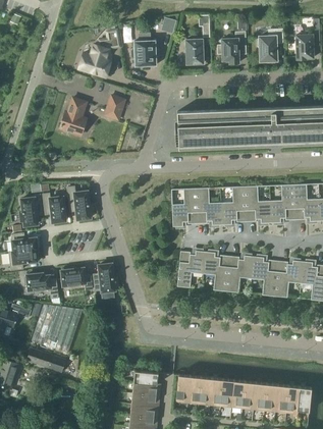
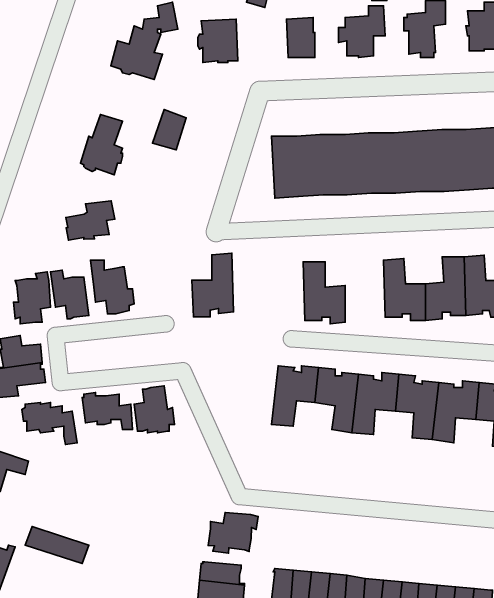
building: none -> [66,201,115,240]
building: [222,186,247,224] -> none
building: [172,187,198,226] -> [192,253,234,317]
building: [32,304,84,353] -> none
building: none -> [208,512,258,553]

